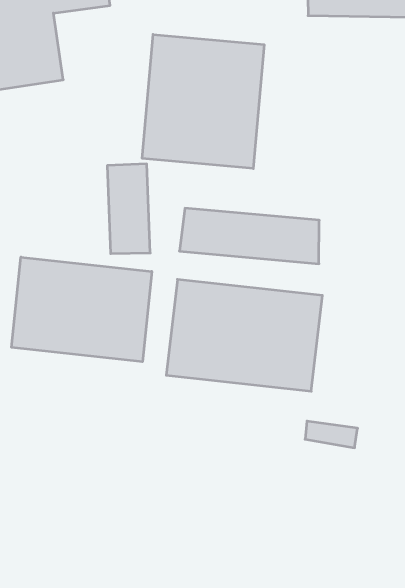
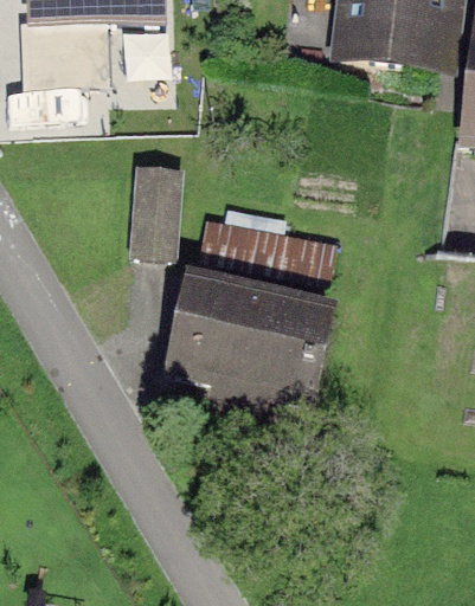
building: [142,34,264,169] -> none
building: [12,257,152,362] -> none

